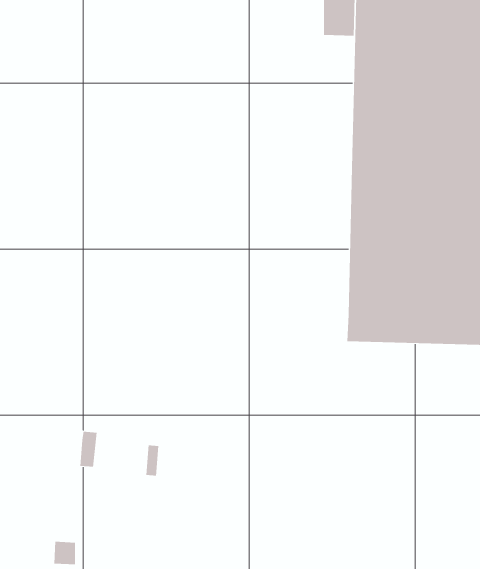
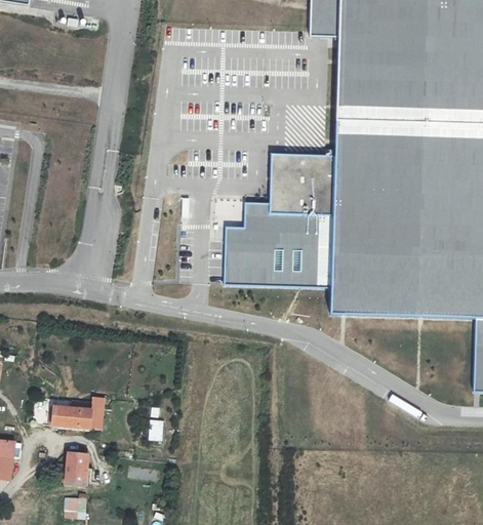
building: none -> [225,153,336,288]
building: none -> [52,400,90,427]
building: none -> [65,449,88,485]

